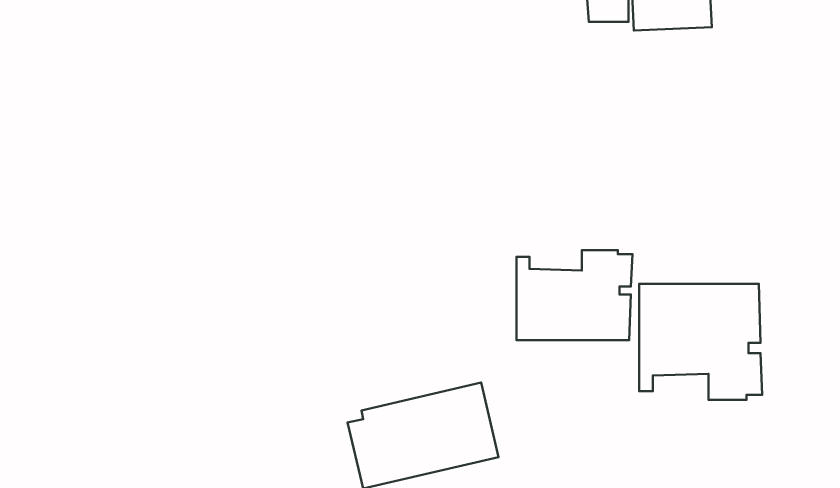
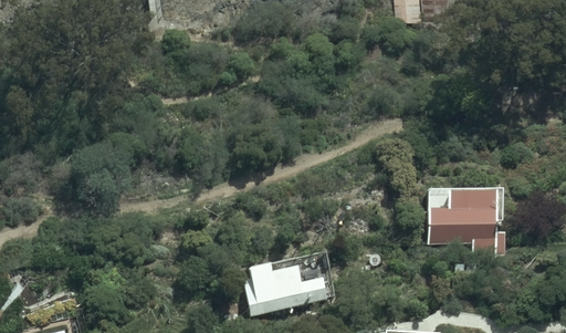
building: [516,250,633,340] -> none

